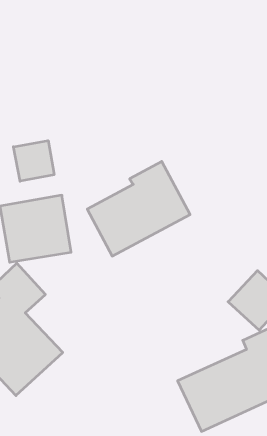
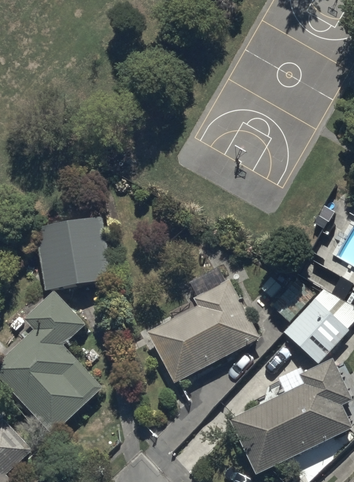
building: [13,141,54,181] -> none
building: [87,161,190,256] -> [147,279,259,382]

